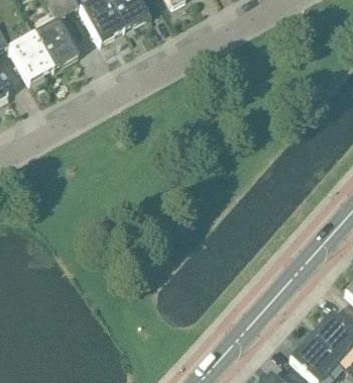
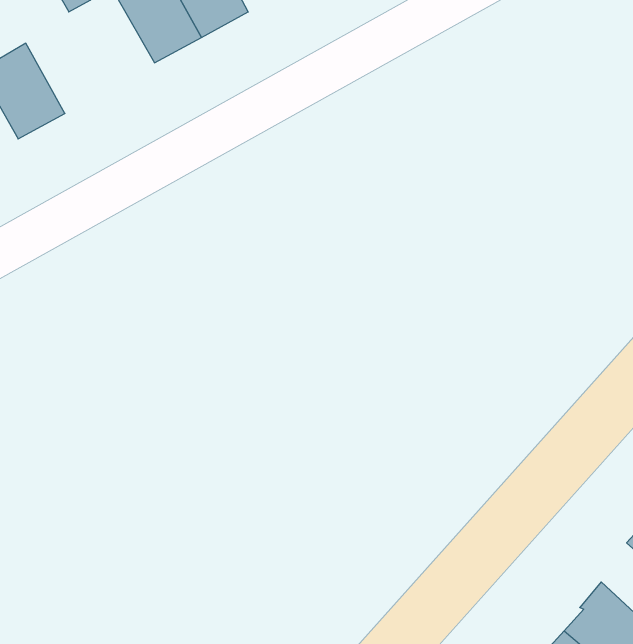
building: [34,19,79,69] -> none

